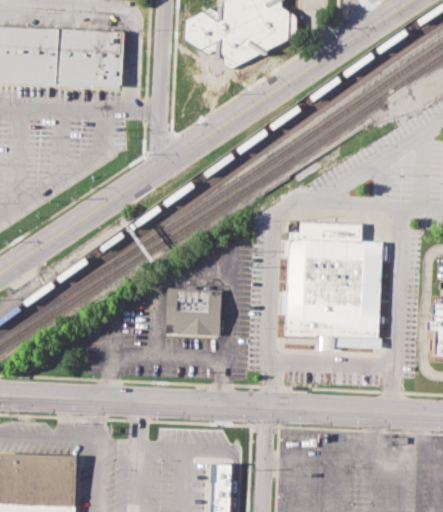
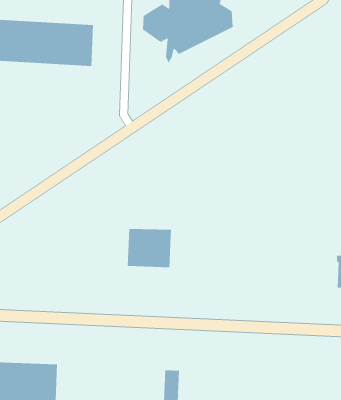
building: [286,224,383,352] -> none

